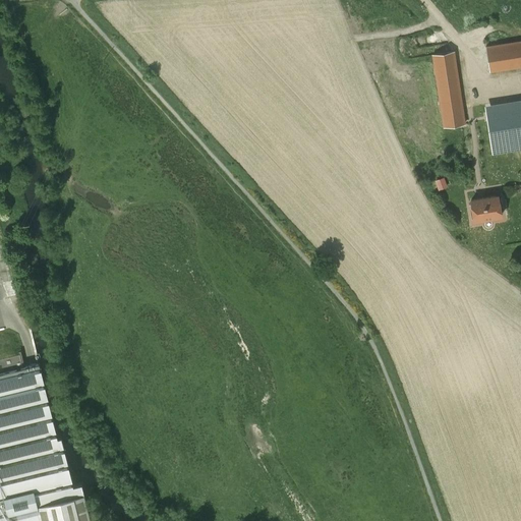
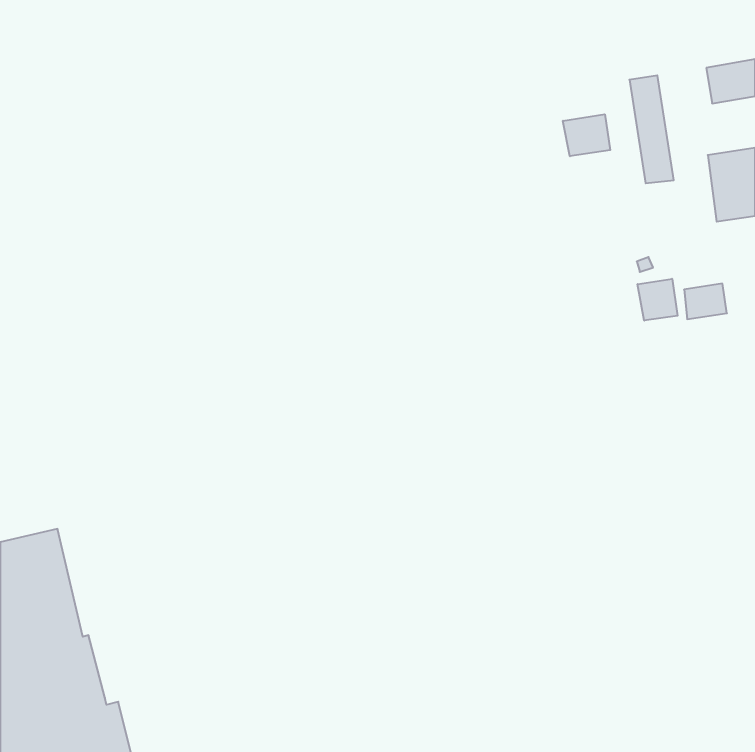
building: none -> [563,114,610,156]
building: none -> [638,279,678,321]

